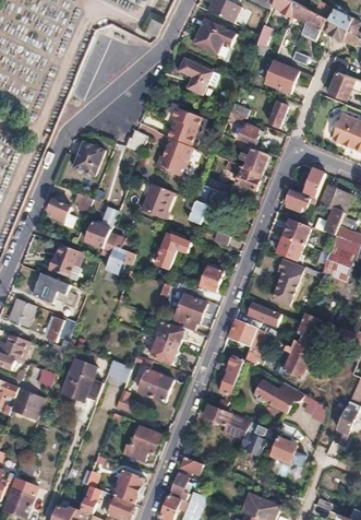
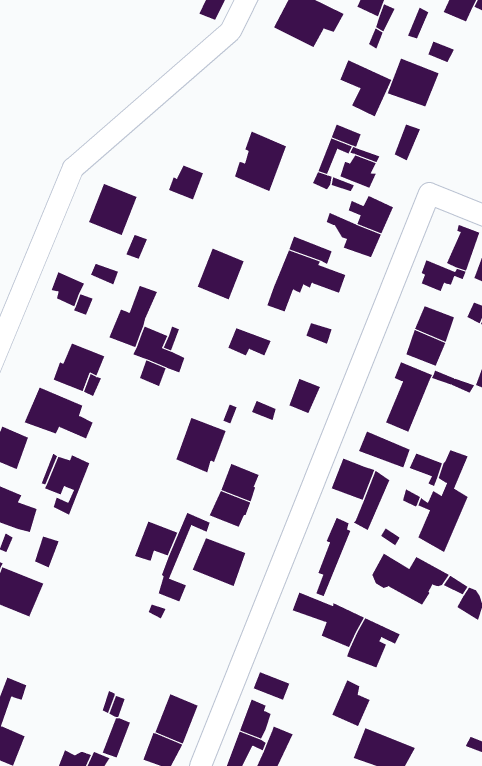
building: [178,60,212,97] -> [339,60,392,117]
building: [157,139,191,177] -> none
building: [172,295,205,331] -> [176,417,226,473]
building: [61,361,101,401] -> none
building: [122,427,159,463] -> none
building: [272,432,297,462] -> [331,679,370,727]

